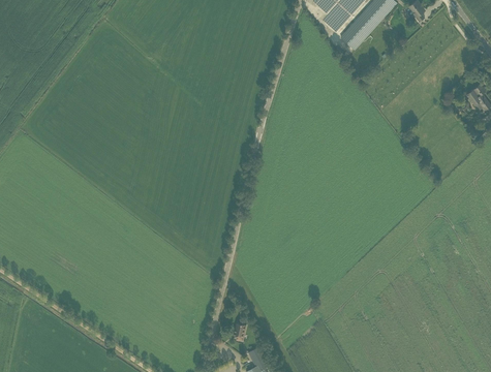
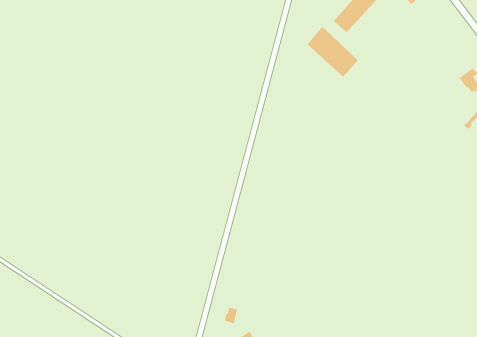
building: none -> [307,26,359,77]

